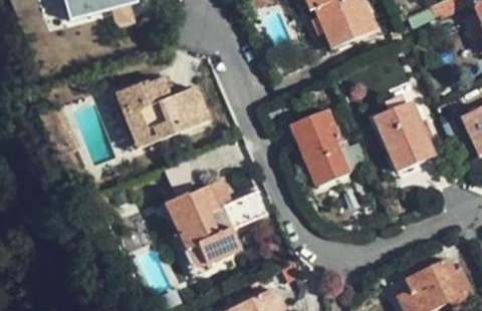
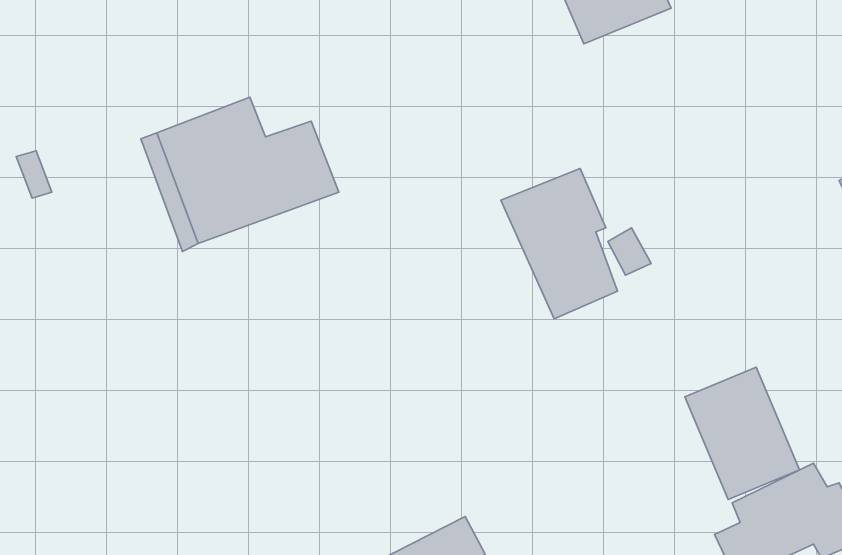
building: [376,102,434,170] -> [685,367,800,500]
building: [163,187,245,277] -> none

